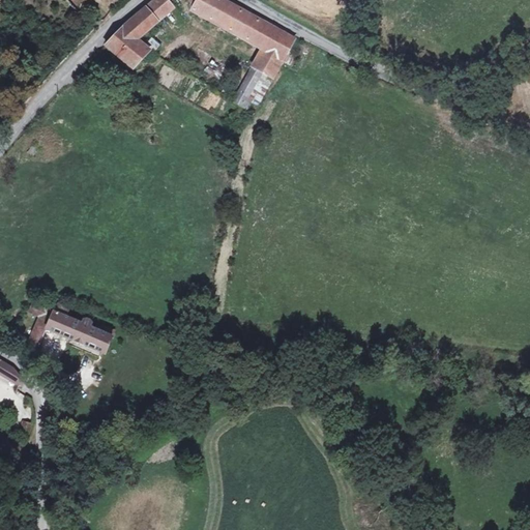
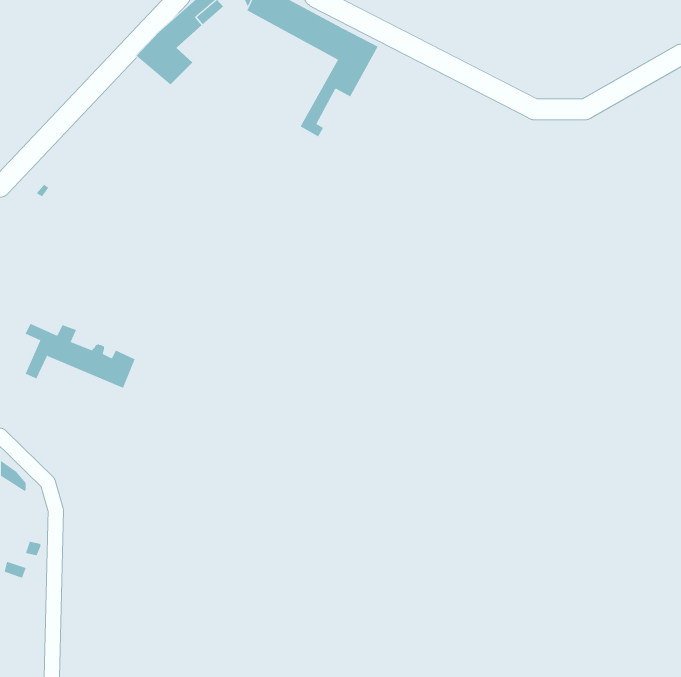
building: [29,300,115,351] -> [25,323,135,388]

